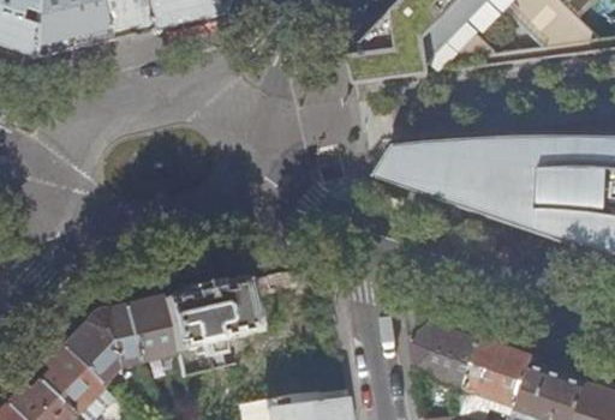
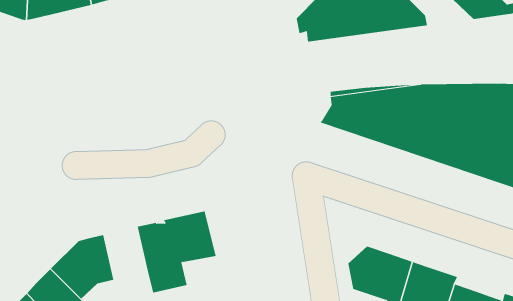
building: [125,298,175,360] -> none

